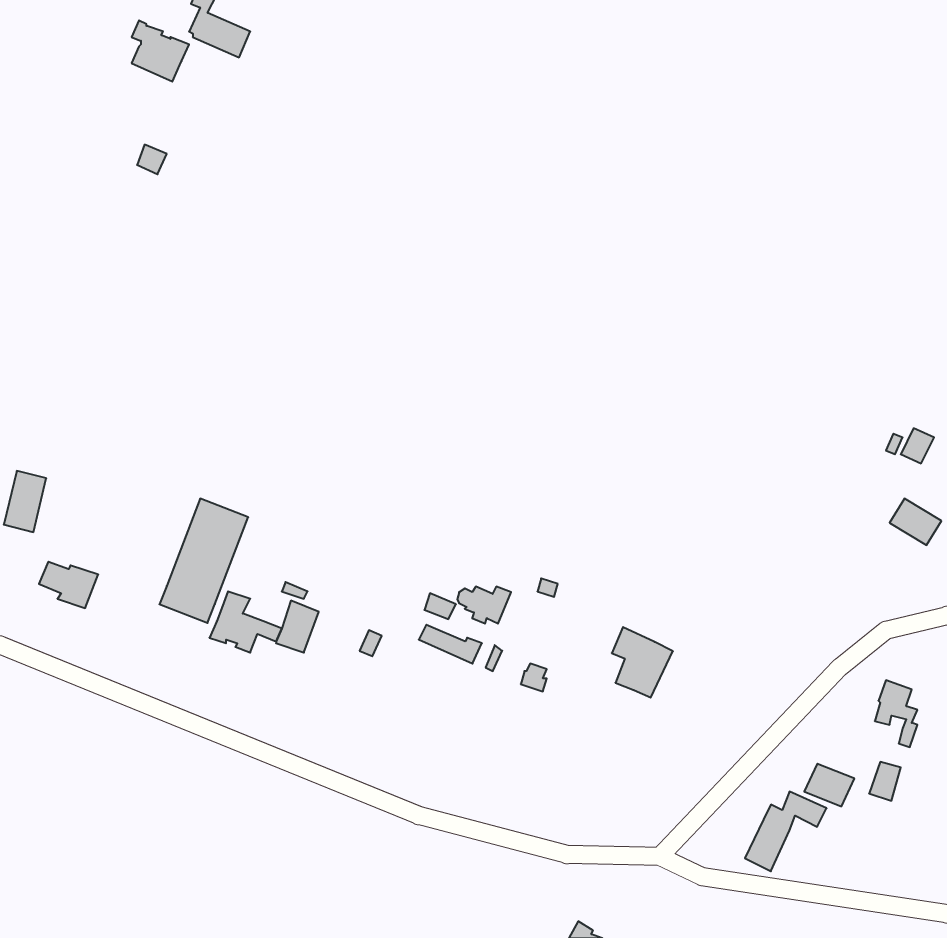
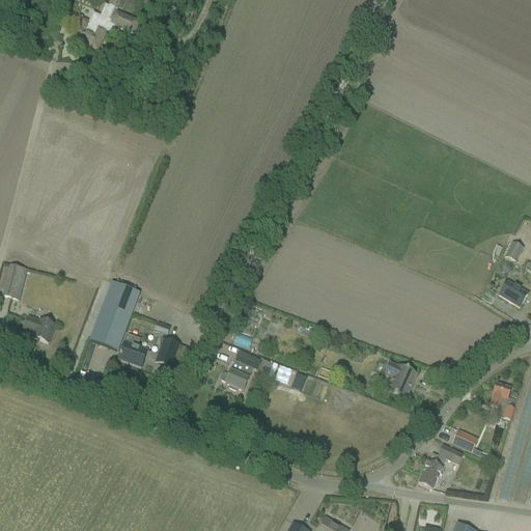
building: [457,587,511,624] -> [220,368,250,389]
building: [612,627,673,698] -> [383,358,417,397]

